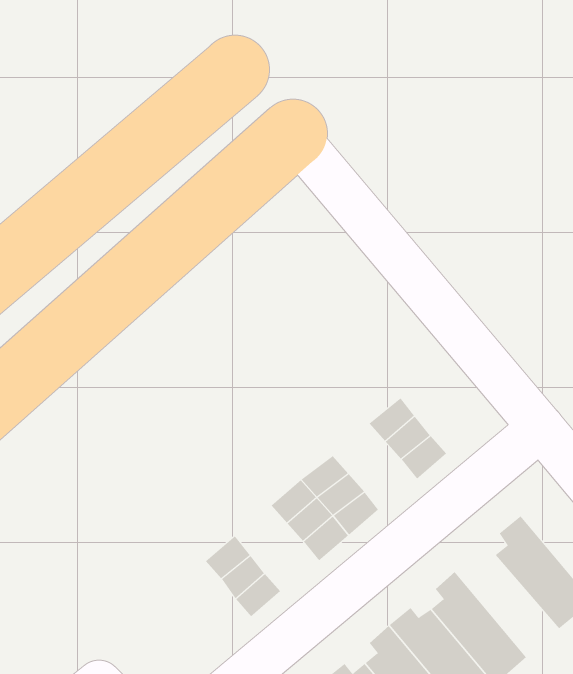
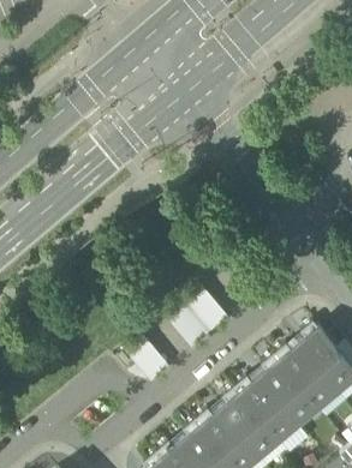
building: none -> [276,347,339,409]

